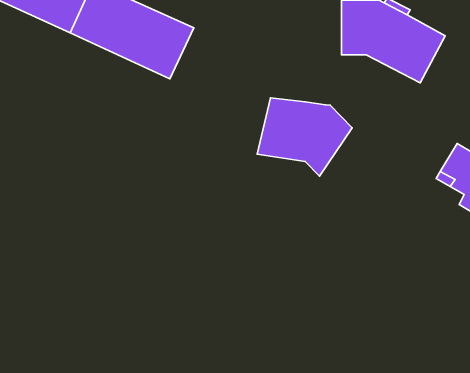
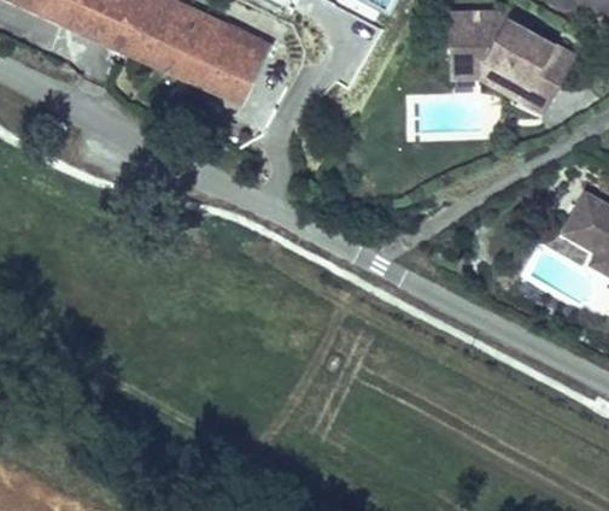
building: [257,98,352,176] -> none

